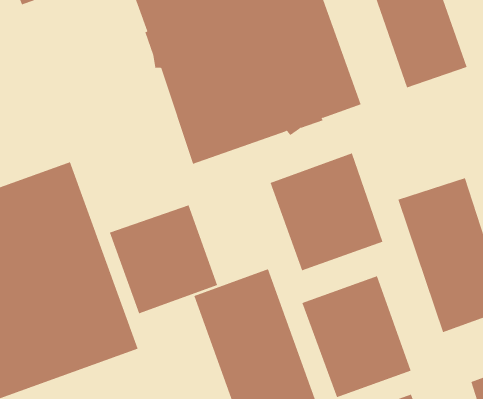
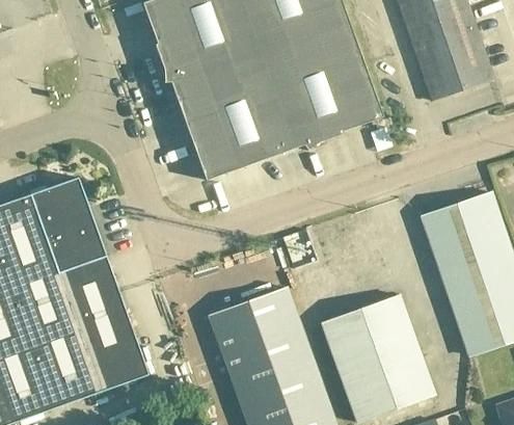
building: [270,153,383,271] -> none
building: [109,204,218,314] -> none

